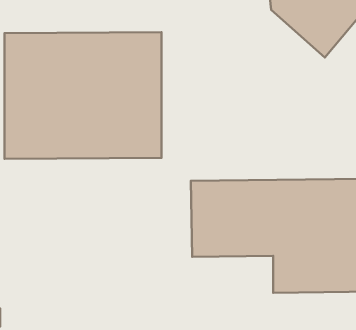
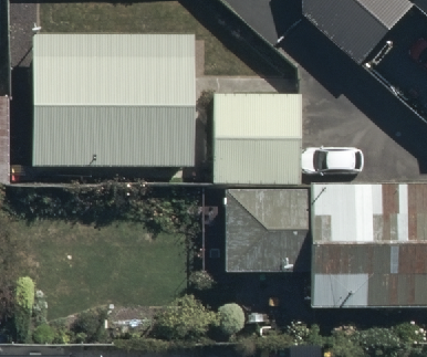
building: none -> [211,95,302,183]

